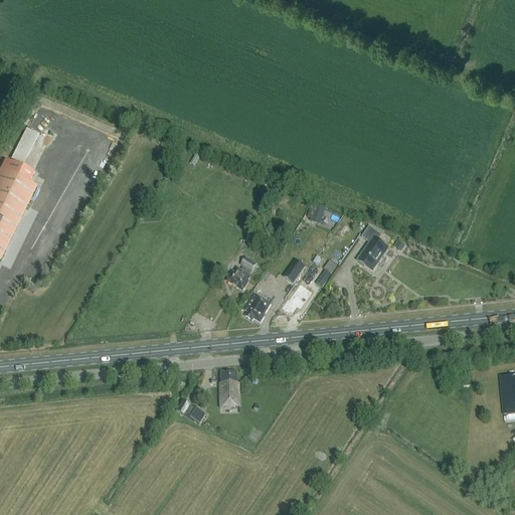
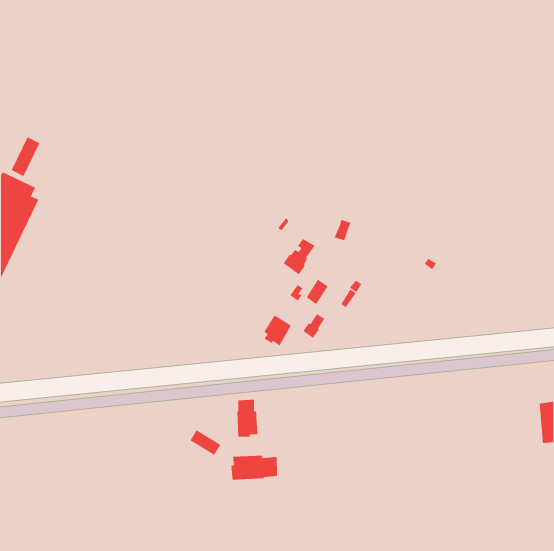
building: [359,224,386,268] -> none
building: [227,255,258,290] -> [283,238,316,275]
building: none -> [231,455,278,480]

